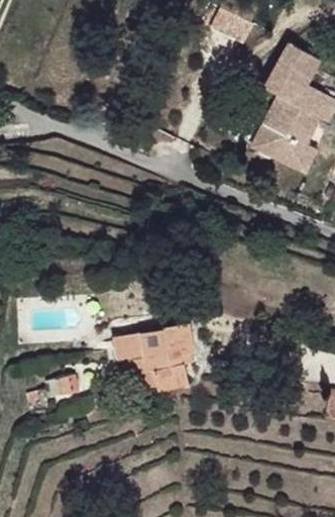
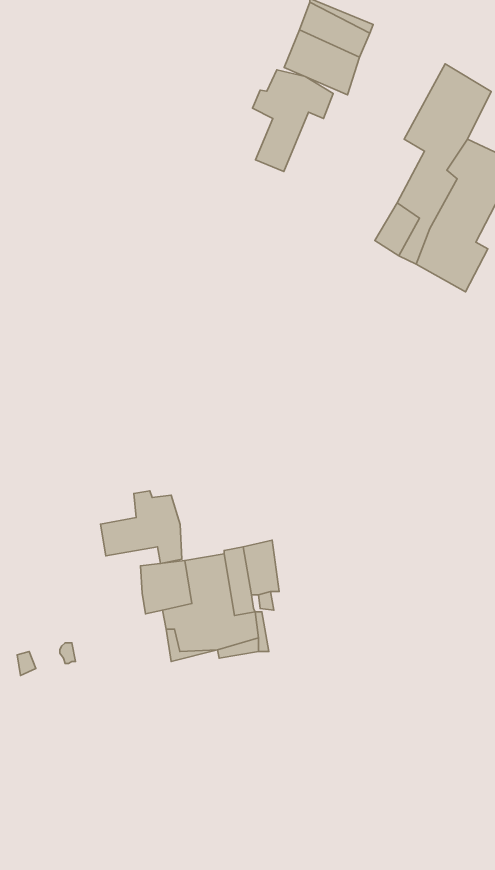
building: none -> [252,70,333,172]
building: none -> [100,491,182,563]

